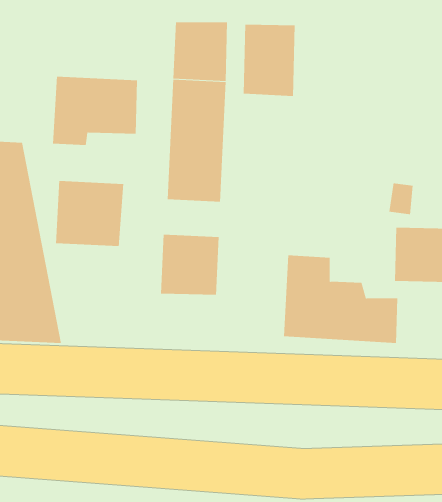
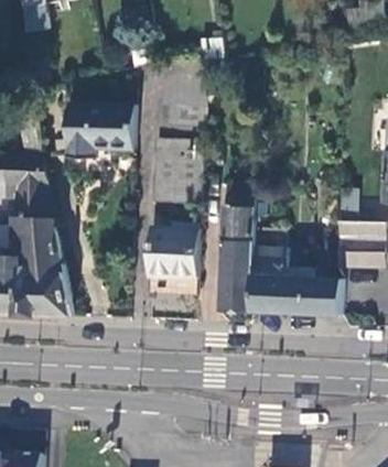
building: [243,24,295,97] -> none
building: none -> [218,183,254,311]
building: [56,180,124,247] -> none

